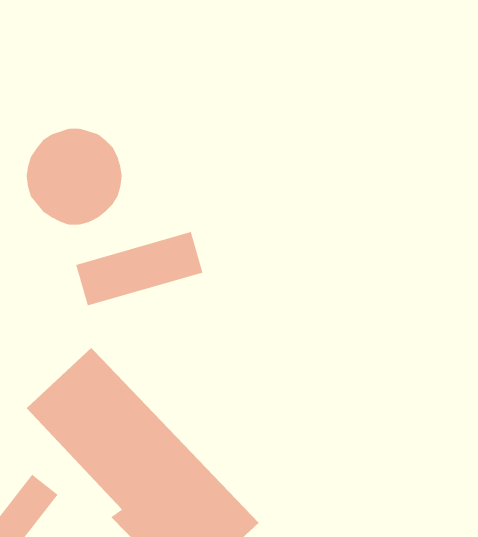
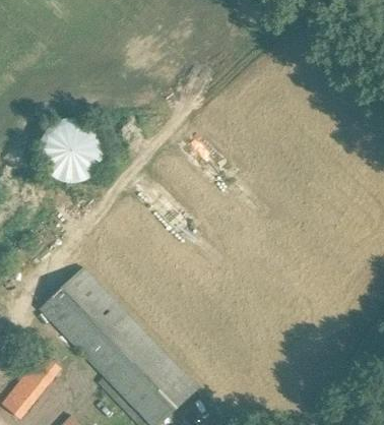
building: [76,231,203,306] -> none

